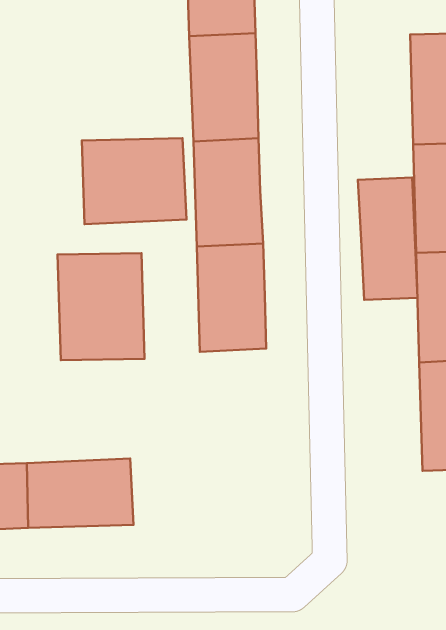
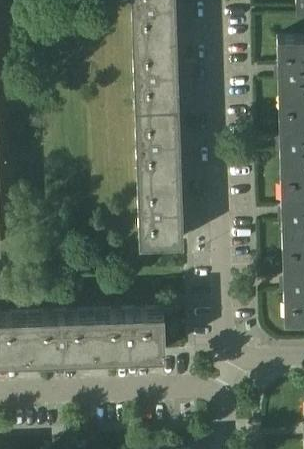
building: [82,138,187,224] -> none
building: [358,178,418,300] -> none
building: [58,253,145,360] -> none
building: none -> [95,313,165,358]

